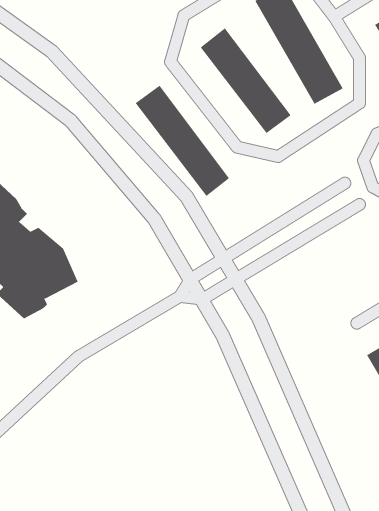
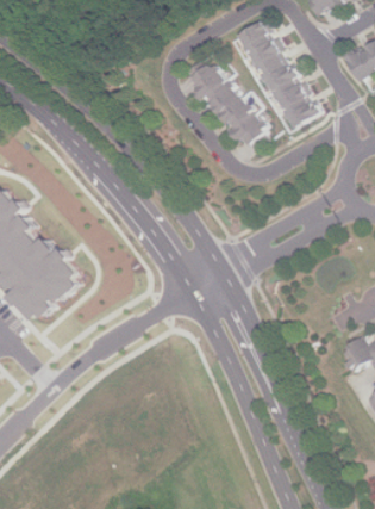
building: [135,85,230,197] -> none

